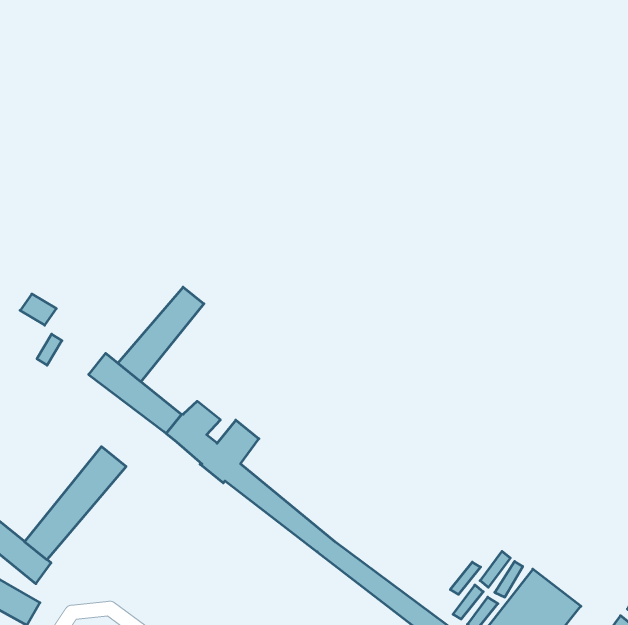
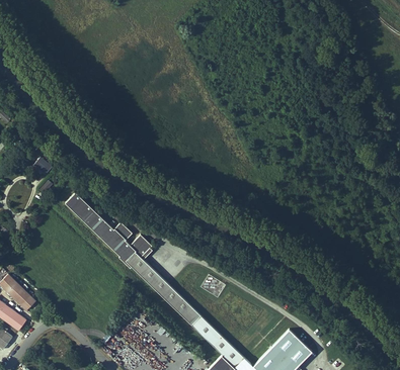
building: [118,287,204,382] -> none
building: [25,447,126,560] -> none

